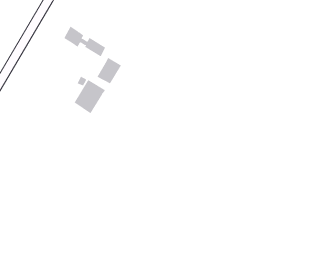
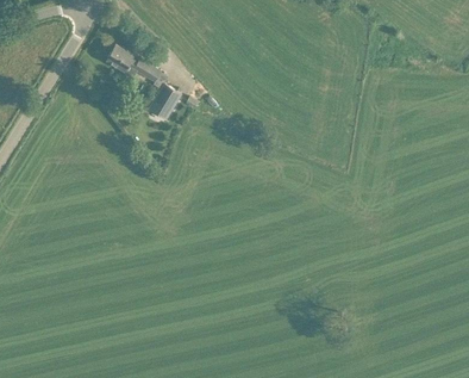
building: [74,79,106,114] -> none

